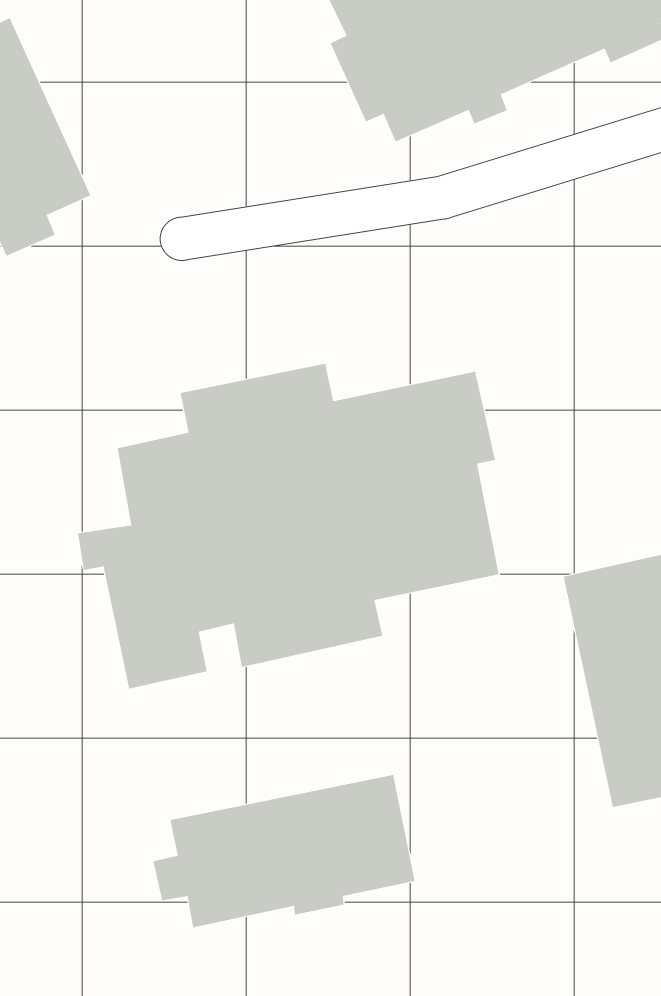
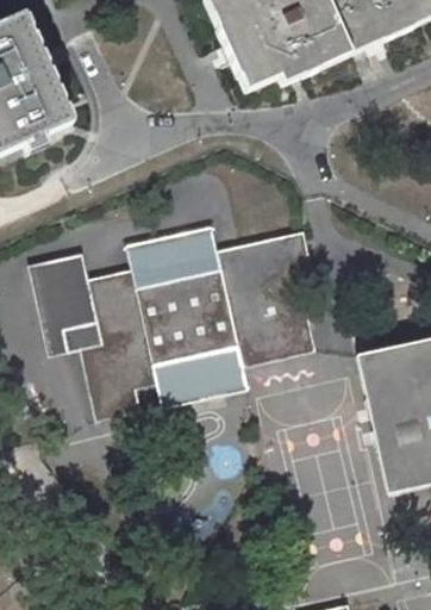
building: none -> [31,254,96,353]
building: [153,774,415,928] -> none

